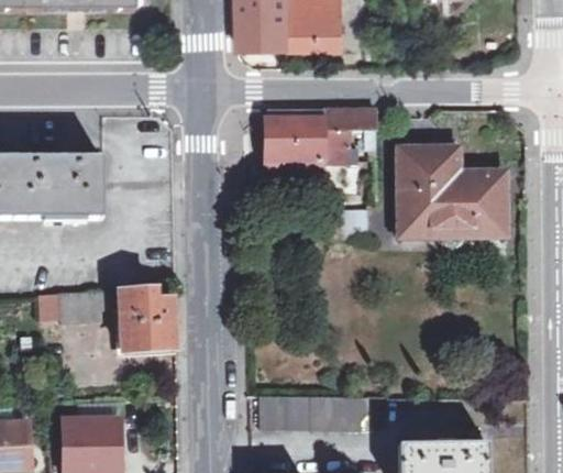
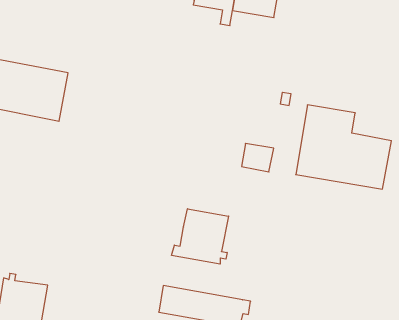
building: [265,107,375,184] -> none
building: [63,287,175,349] -> none
building: none -> [172,209,229,264]

